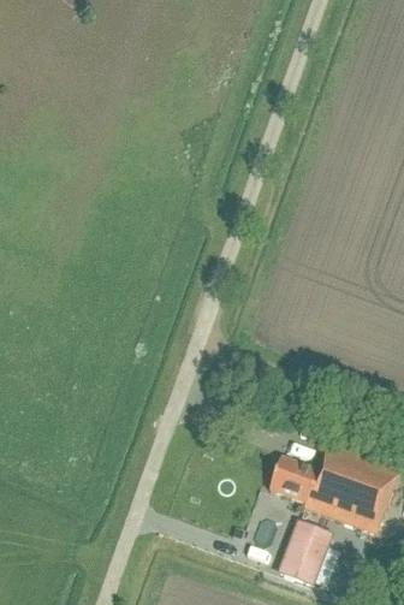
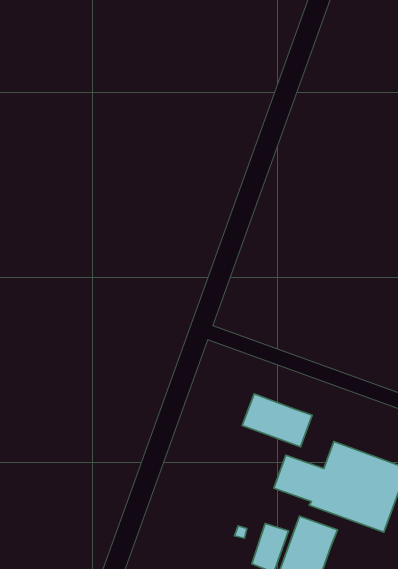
building: none -> [242,394,312,447]

